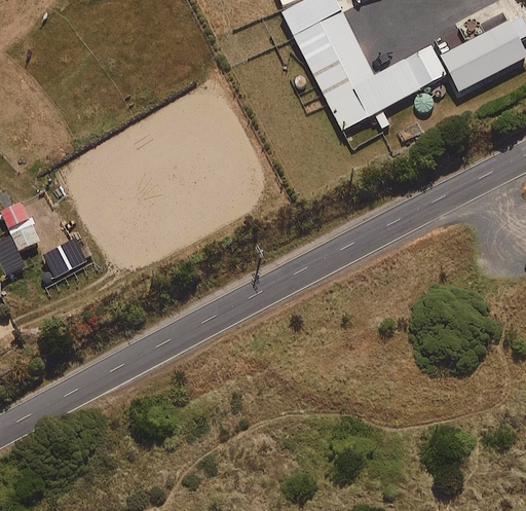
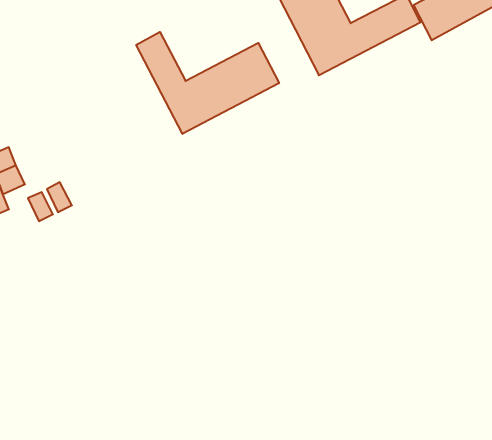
building: none -> [136,32,279,134]

